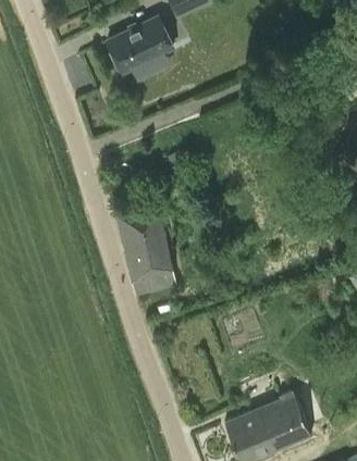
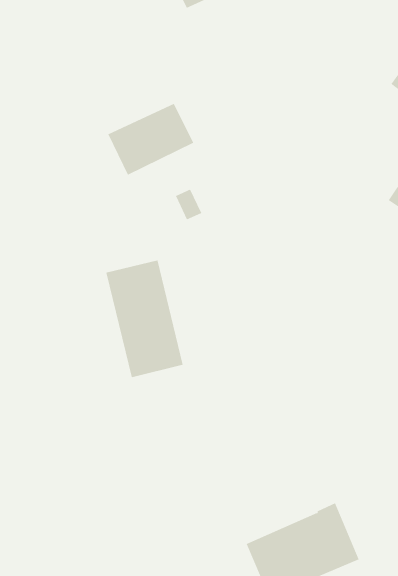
building: [109,17,175,73] -> [108,103,194,175]

